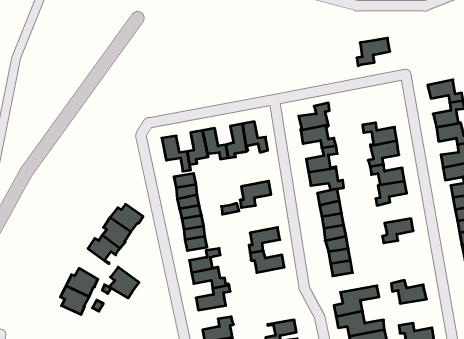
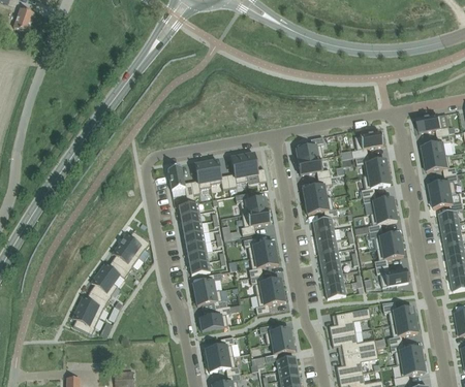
building: [357,38,390,66] -> [351,131,382,157]
building: none -> [235,192,268,214]
building: none -> [369,228,401,248]
building: none -> [243,236,276,257]
building: none -> [375,264,408,286]
building: none -> [255,289,285,313]
building: [109,267,139,298] -> [90,271,118,300]
building: none -> [389,319,417,344]
building: none -> [259,323,291,343]

